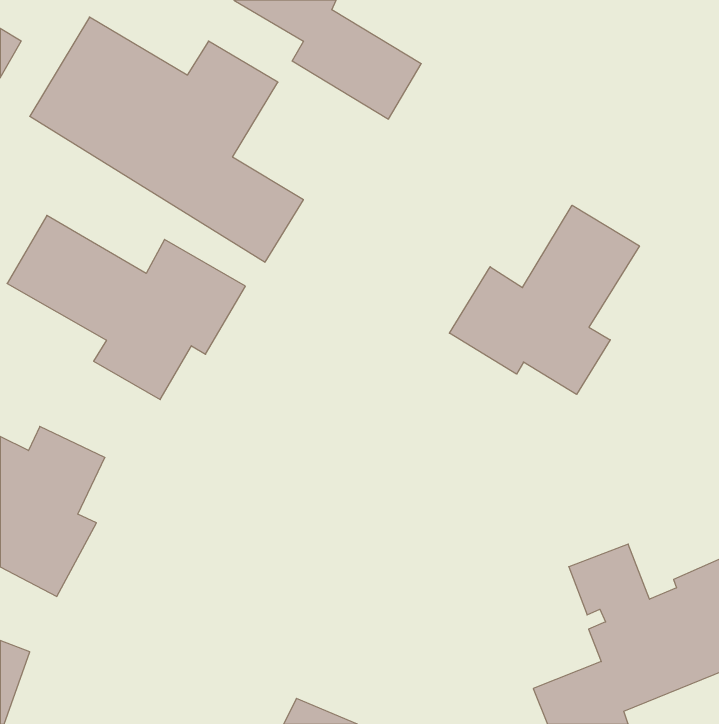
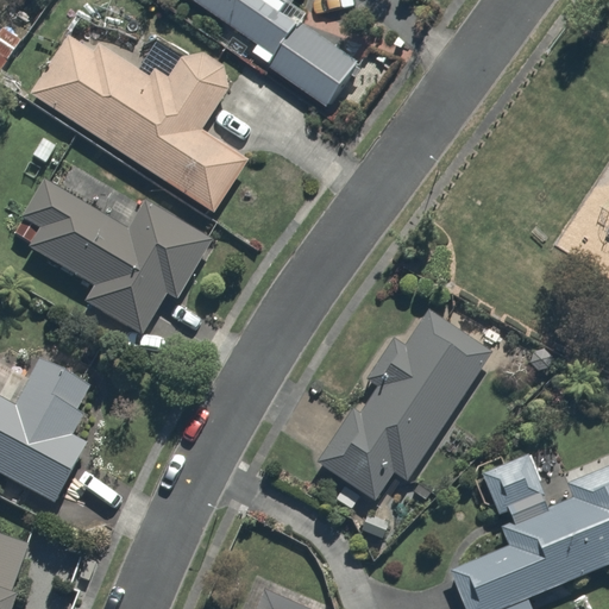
building: [449,205,639,394] -> none
building: none -> [314,309,490,503]

